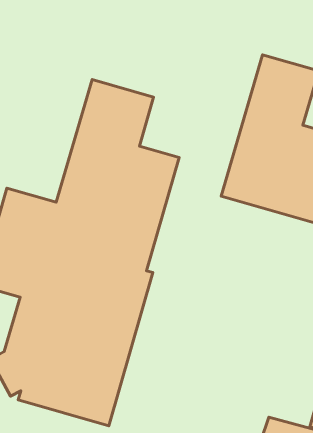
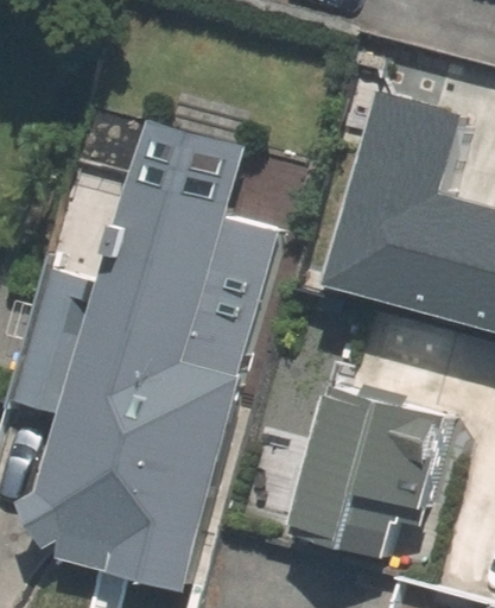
building: none -> [283,384,440,580]

